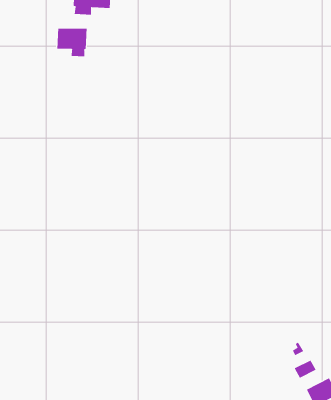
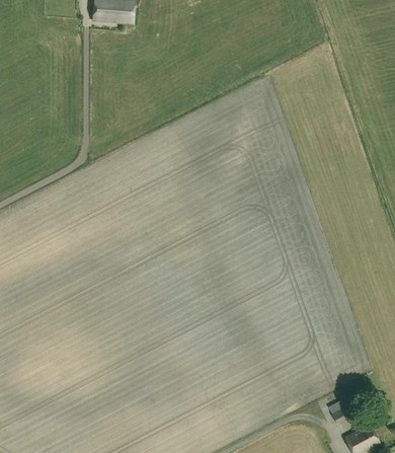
building: [57,28,87,57] -> none

